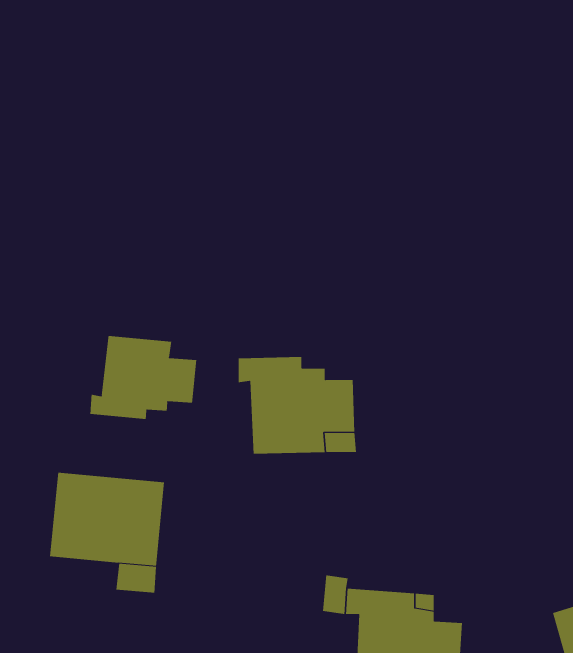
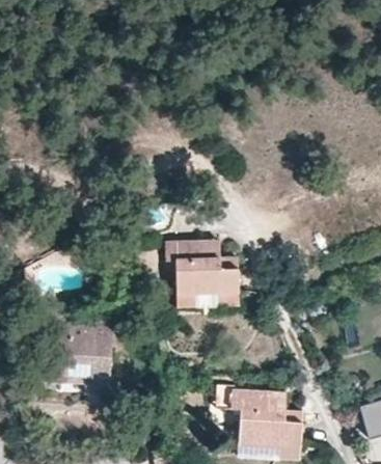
building: [90,335,197,420] -> none

